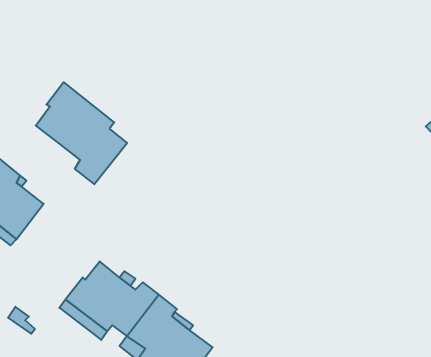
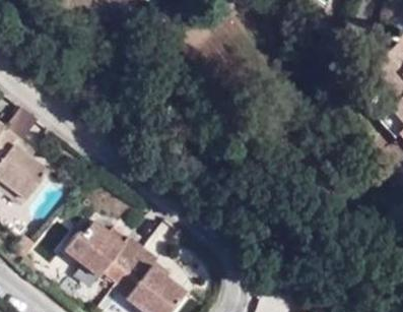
building: [36,82,127,184] -> none

